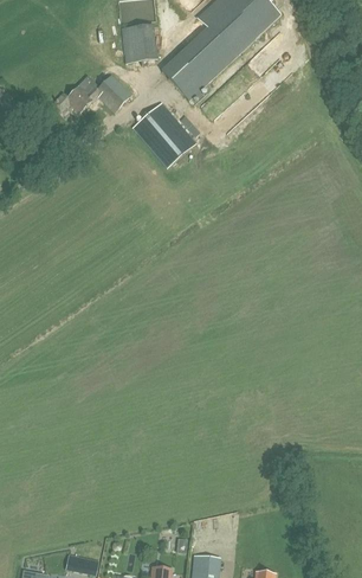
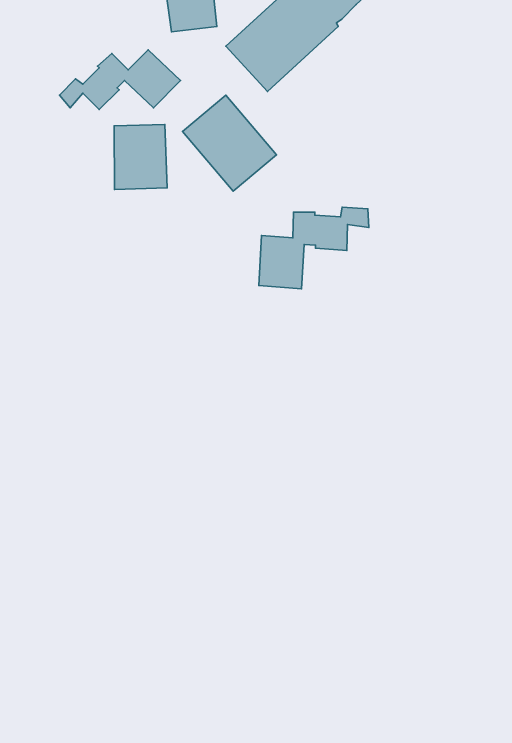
building: none -> [114,124,167,190]
building: none -> [259,207,369,289]

